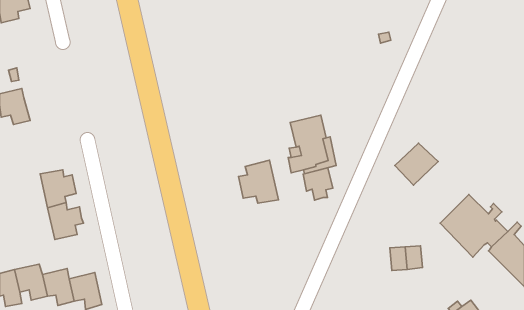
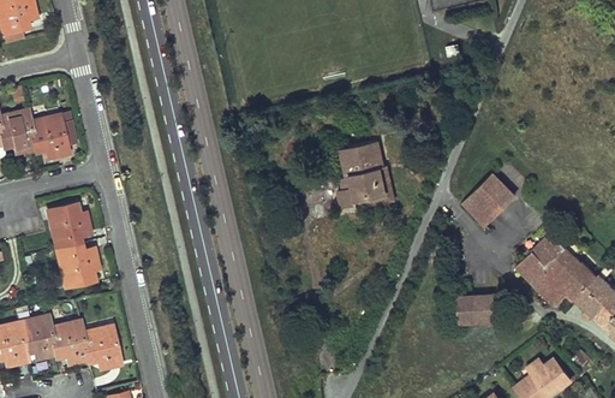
building: none -> [29,113,77,158]
building: [239,160,279,203] -> none
building: [303,168,333,200] -> none

